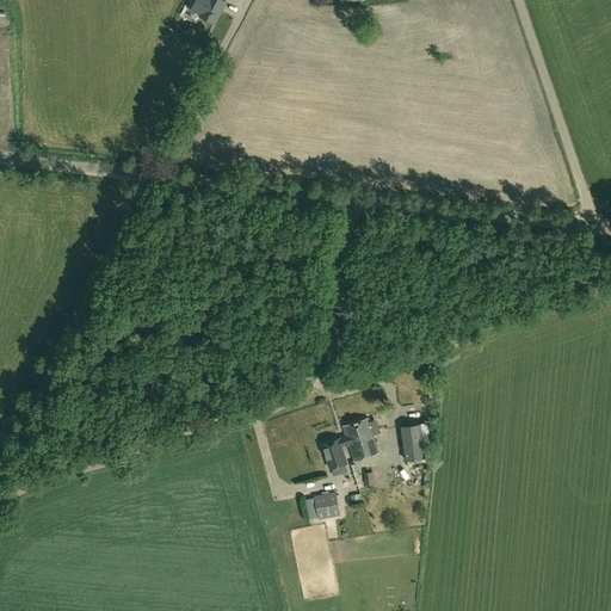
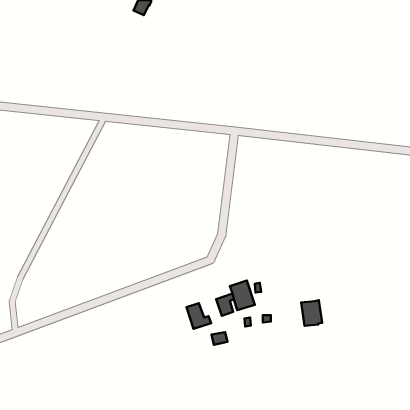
building: [399,424,430,462] -> [301,300,322,326]
building: none -> [186,303,211,329]

